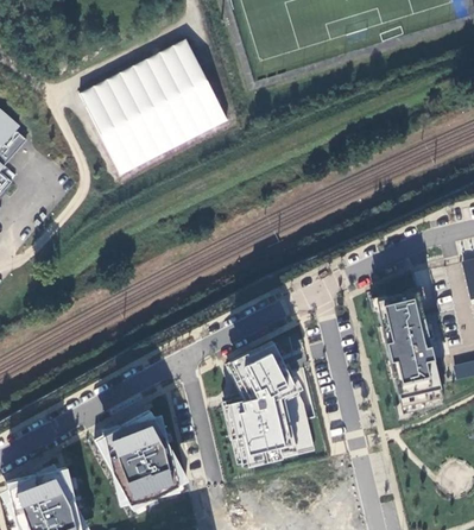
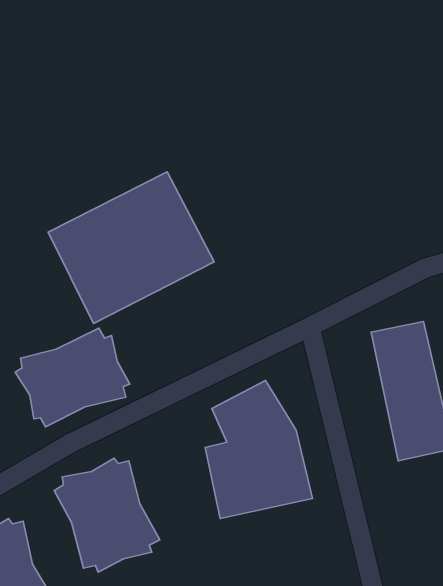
building: [78,39,226,173] -> [48,172,214,323]
building: none -> [15,328,130,427]

